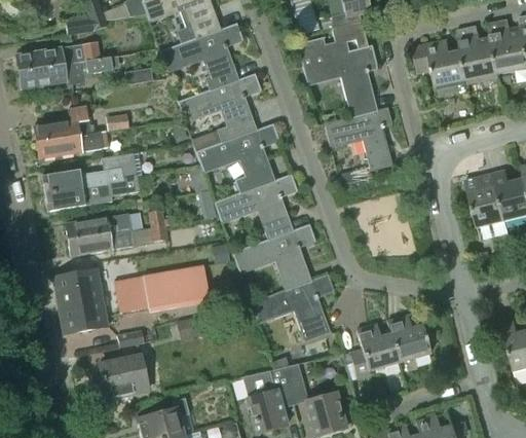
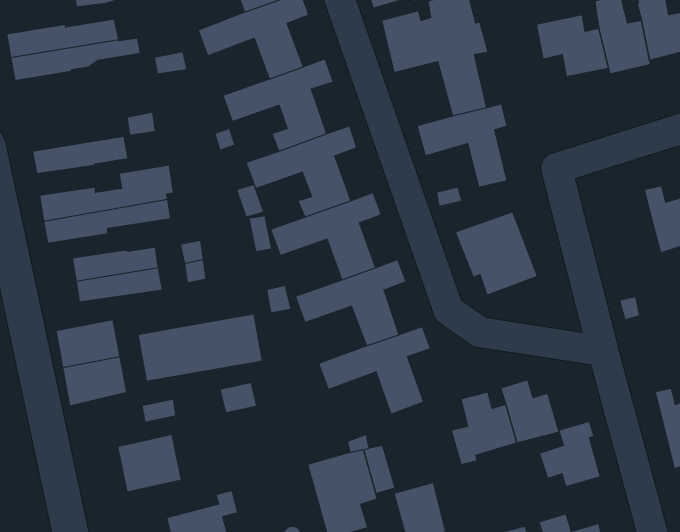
building: [34,107,90,143] -> none
building: [467,176,508,226] -> none
building: none -> [540,421,600,487]

